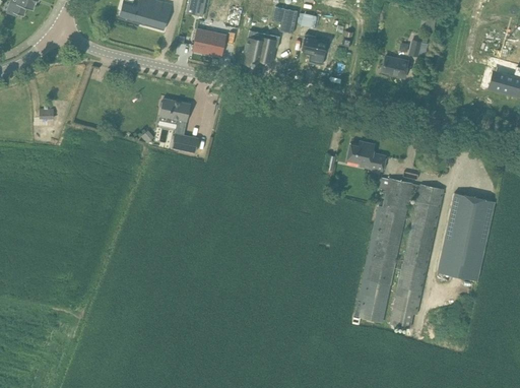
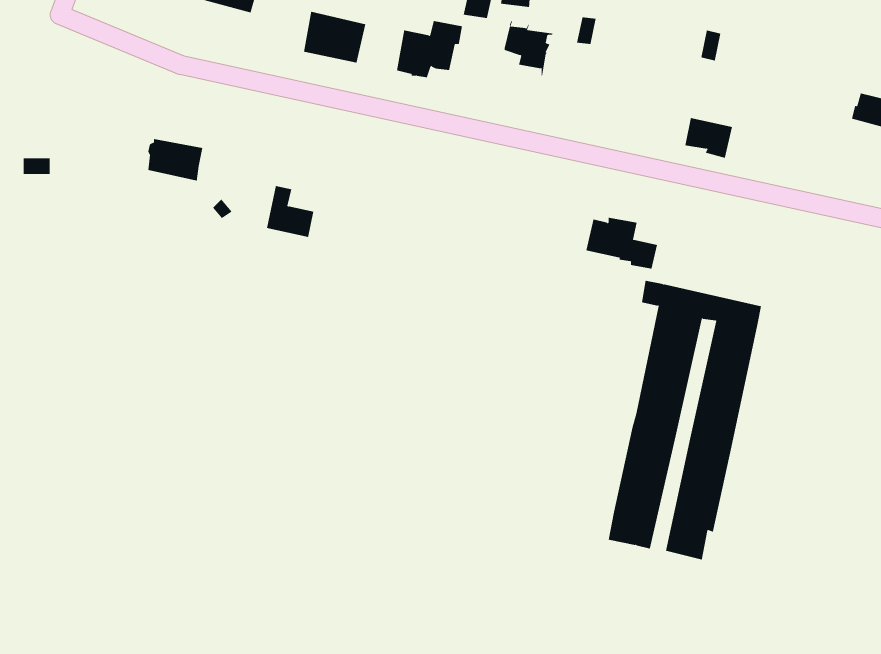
building: [382,56,408,78] -> [685,118,733,158]
building: [159,99,190,122] -> [147,138,203,181]
building: [437,193,494,280] -> none

